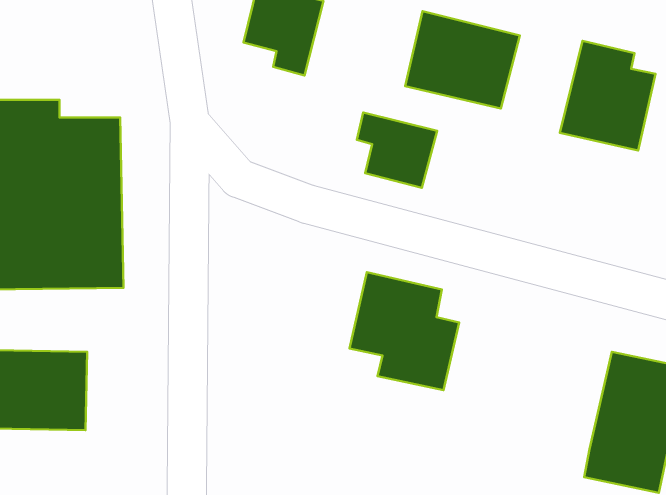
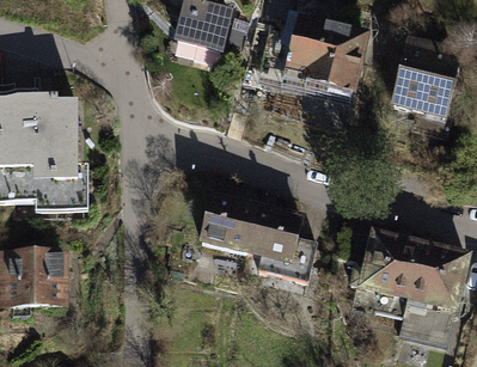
building: [357,112,437,188] -> none
building: none -> [192,188,256,251]
building: none -> [361,241,424,320]

